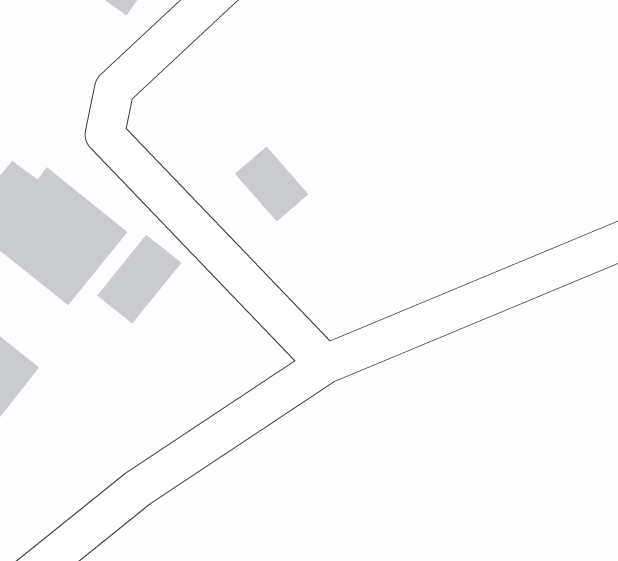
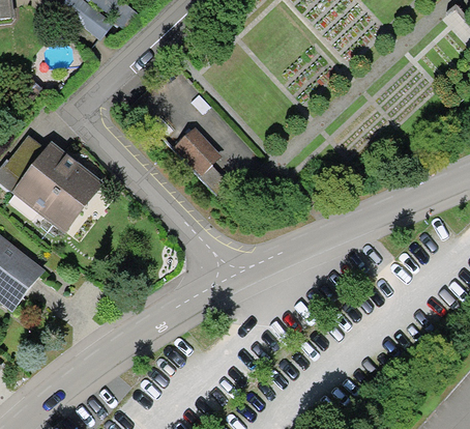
building: [96,234,182,324] -> none

